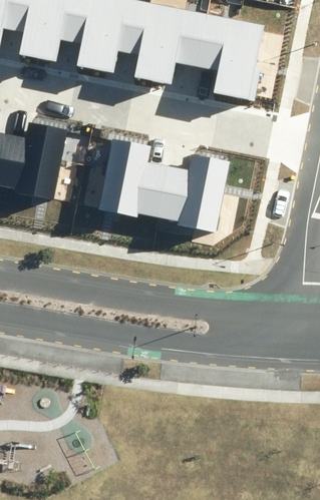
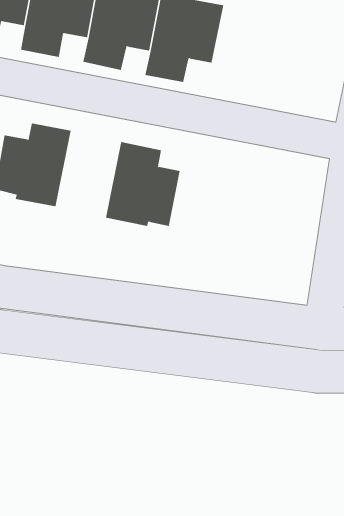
building: [196,13,263,100] -> none
building: [156,154,228,231] -> none

